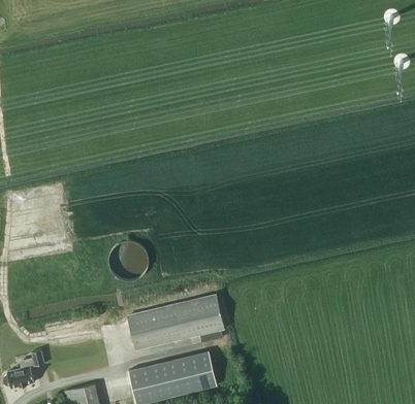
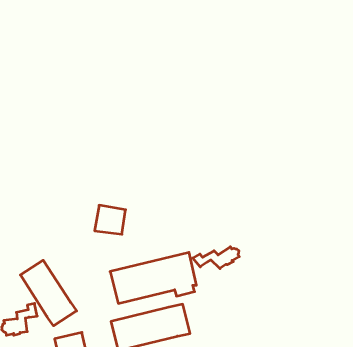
building: none -> [193,247,239,269]
building: none -> [20,260,77,326]

